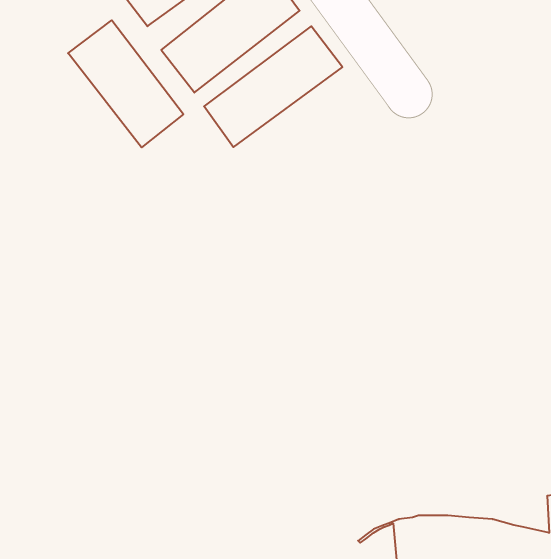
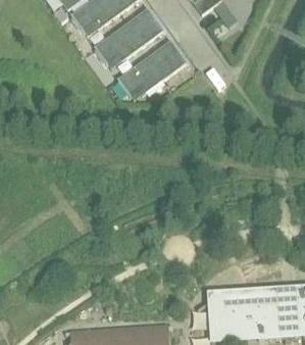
building: [68,20,183,147] -> none

